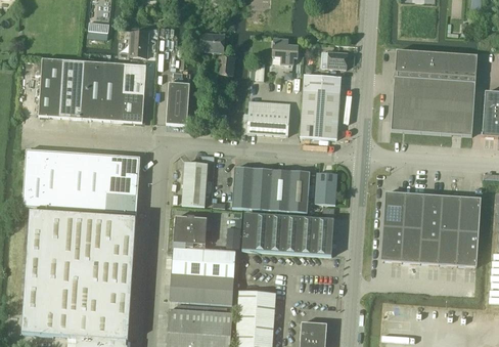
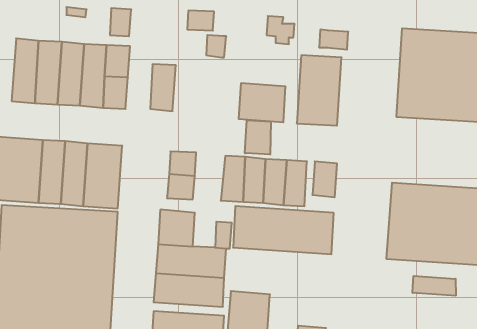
building: none -> [245,120,271,155]
building: none -> [413,276,456,296]

